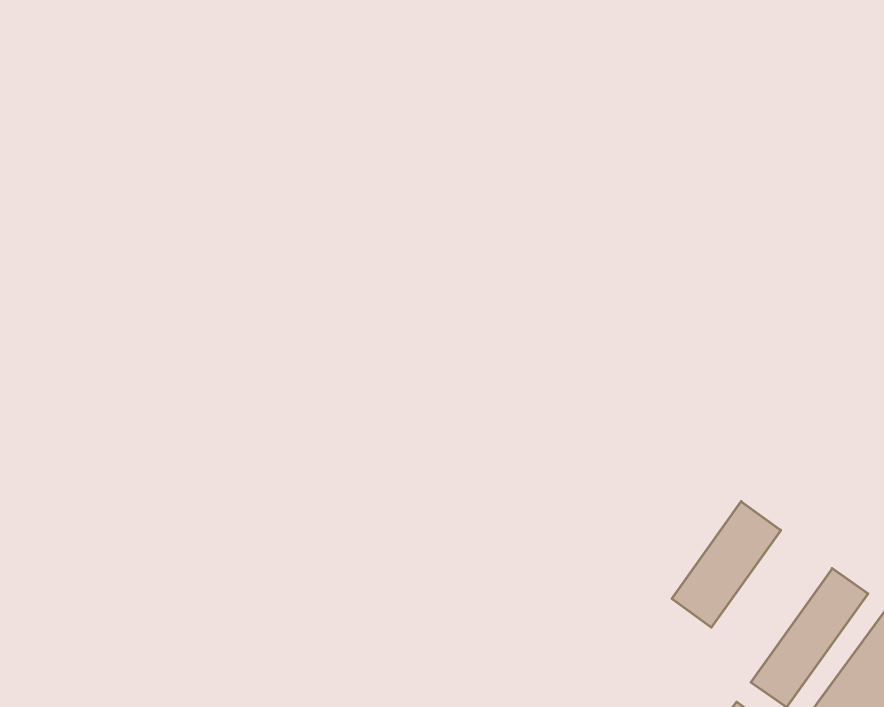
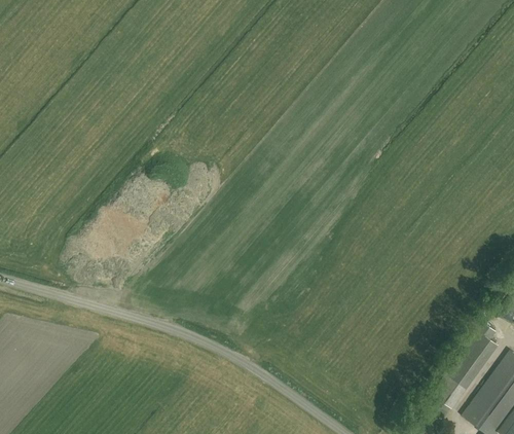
building: [672,501,781,627] -> none

